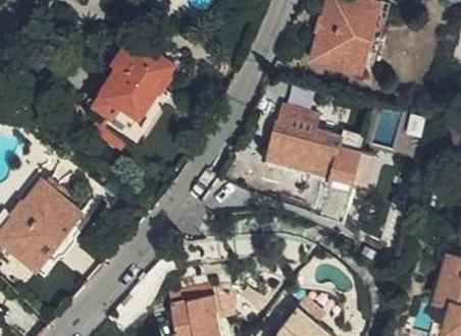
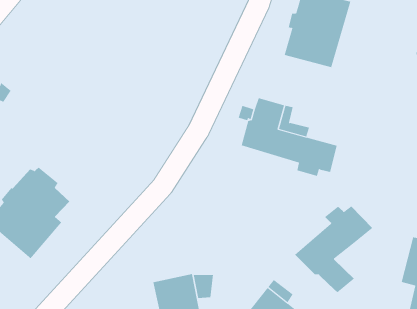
building: [91,47,174,138] -> none
building: none -> [294,206,373,293]

